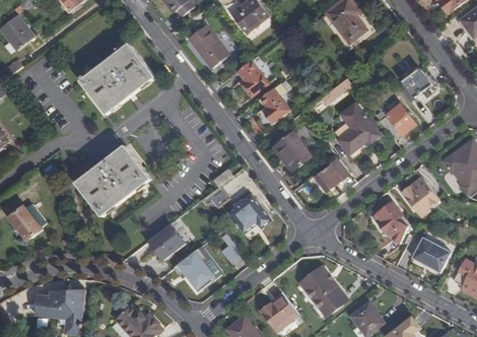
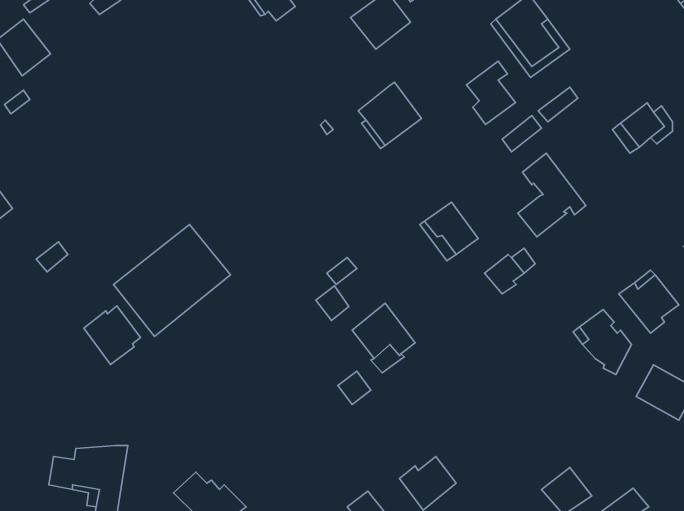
building: [187,25,227,69] -> none
building: [80,44,154,115] -> none
building: [261,81,292,122] -> [467,61,516,124]
building: [379,104,415,139] -> none
building: [9,201,46,239] -> [84,306,141,364]
building: [145,224,182,261] -> none
building: [172,248,214,288] -> none
building: [299,266,347,316] -> none

